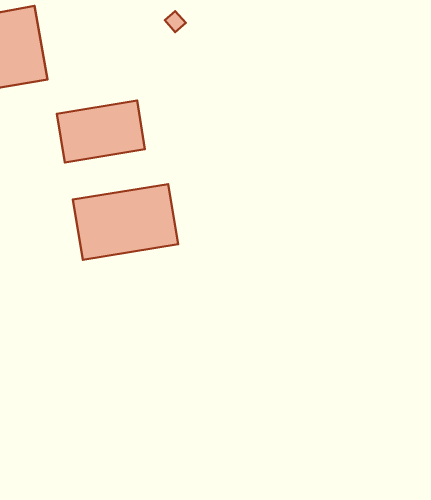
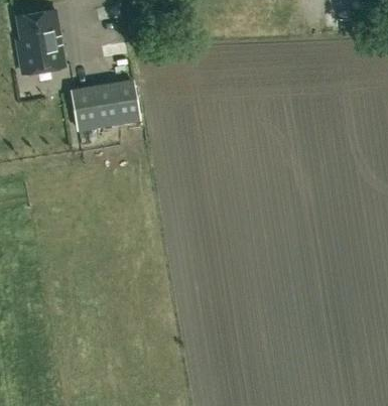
building: [73,184,178,260] -> none

